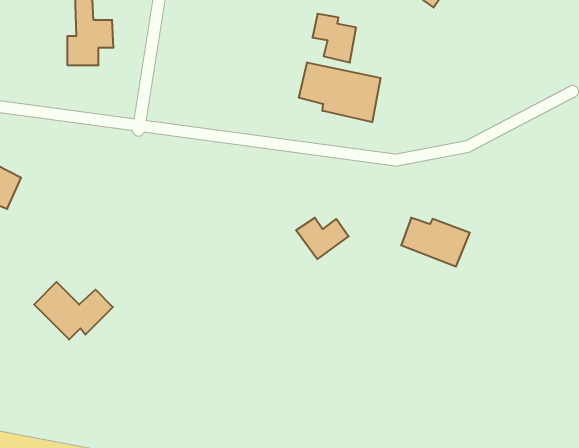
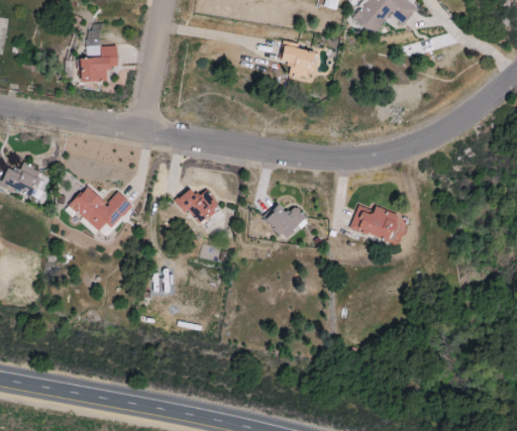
building: [299,62,381,122] -> none
building: none -> [176,189,220,223]
building: [34,282,113,340] -> [70,186,133,232]

